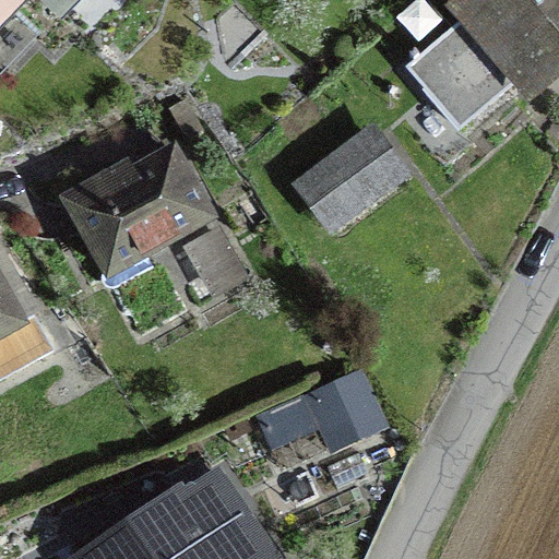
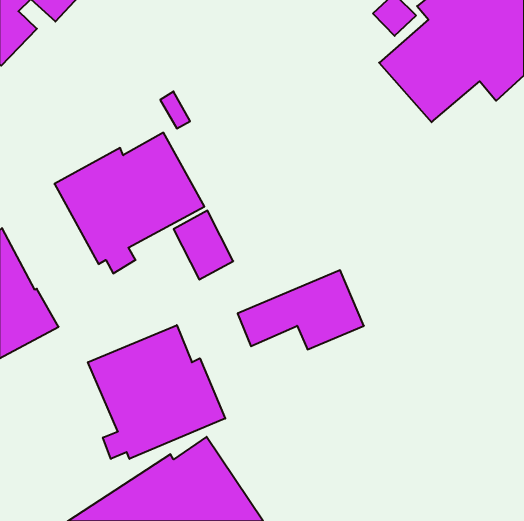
building: [292,122,411,235] -> none
building: none -> [88,325,225,459]
building: [254,367,389,451] -> [238,270,364,349]

